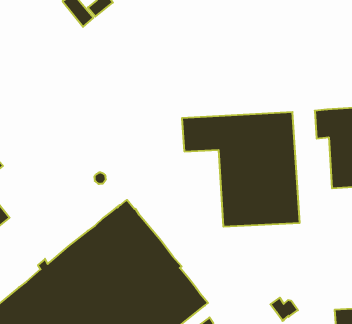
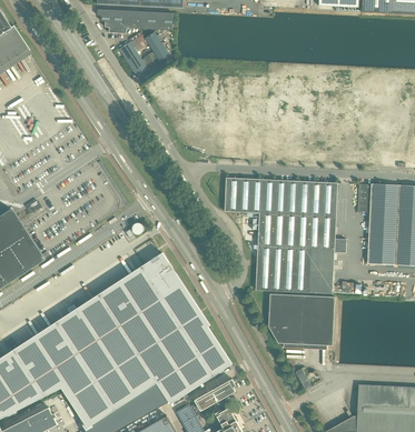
building: none -> [268,294,335,345]

